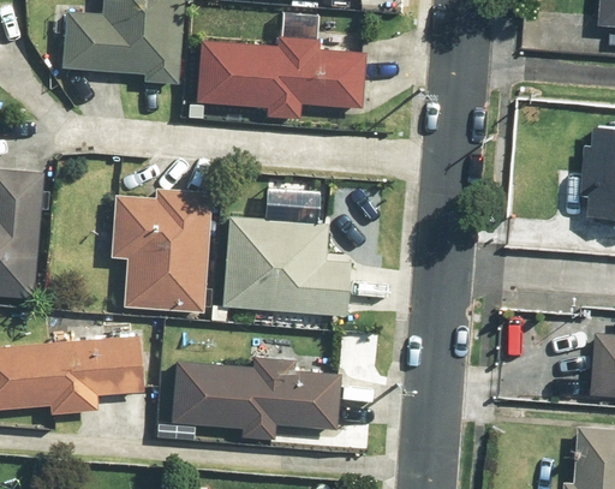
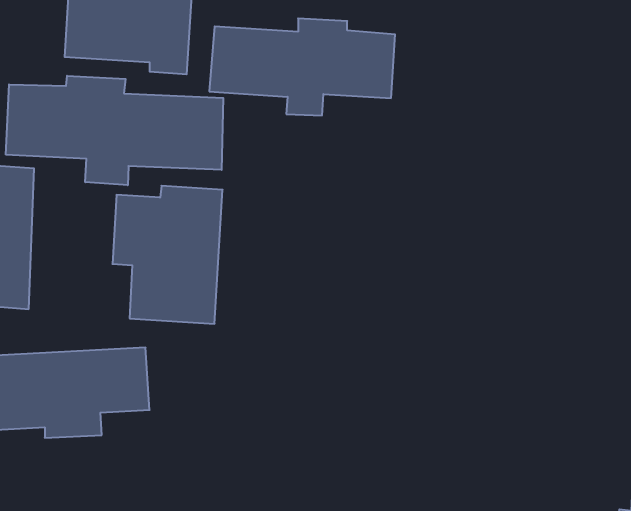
building: none -> [6,76,223,185]
building: [211,215,347,321] -> none
building: [172,357,339,440] -> none

